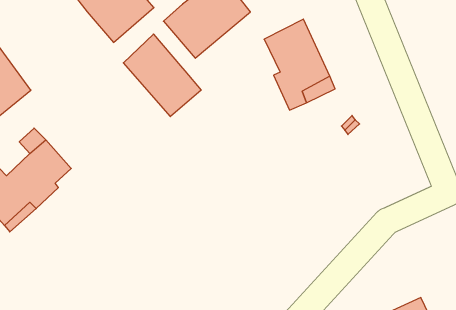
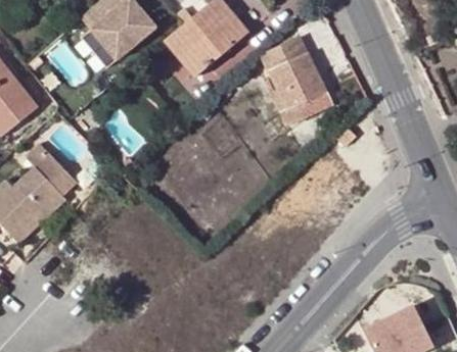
building: [123,34,201,117] -> none

